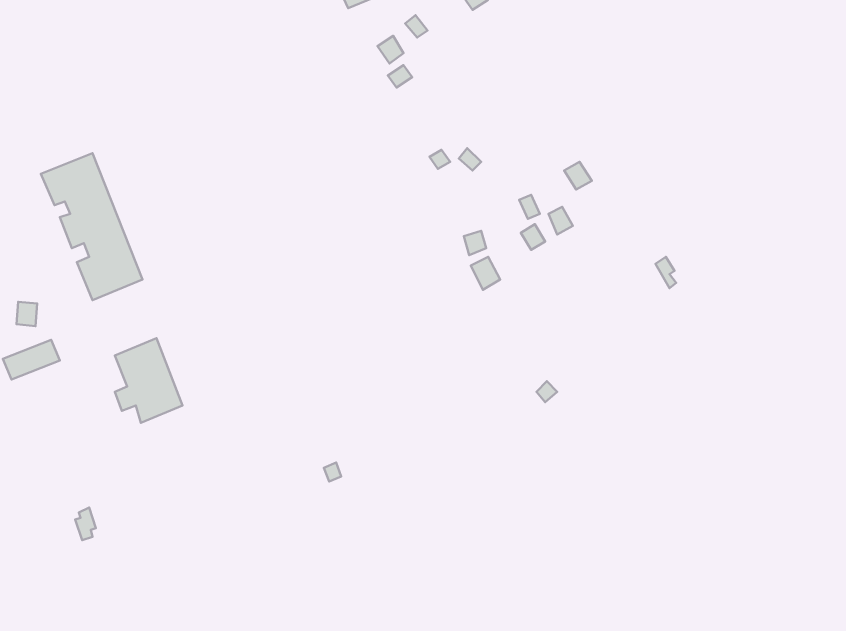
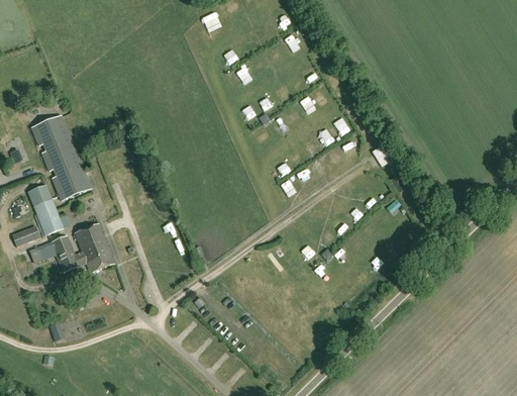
building: none -> [28,185,64,235]
building: none -> [29,236,79,272]

